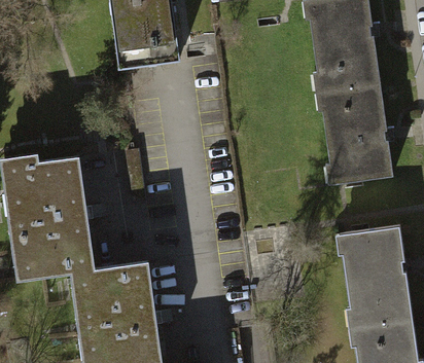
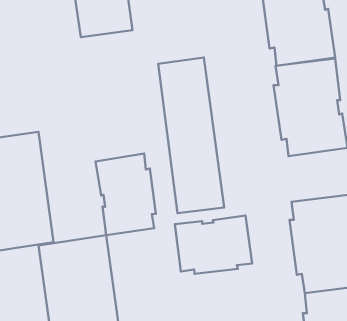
building: none -> [158,58,224,213]
building: none -> [96,153,156,235]
building: none -> [175,216,252,274]

